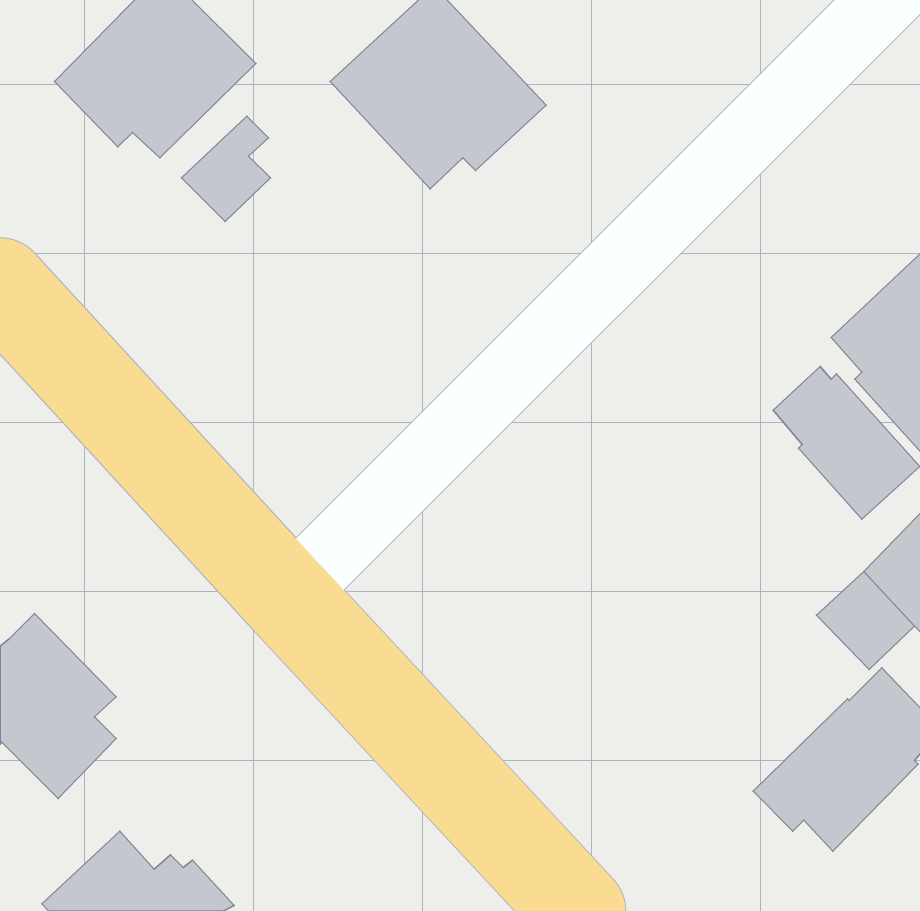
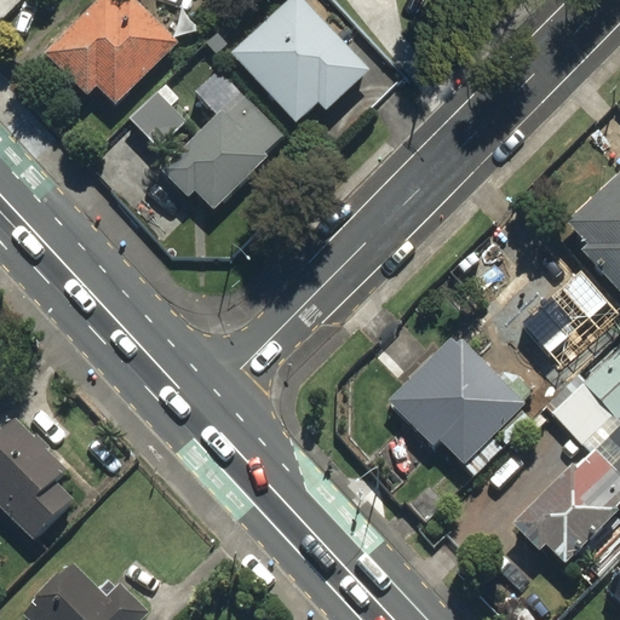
building: none -> [156,65,283,212]
building: none -> [385,333,535,476]

